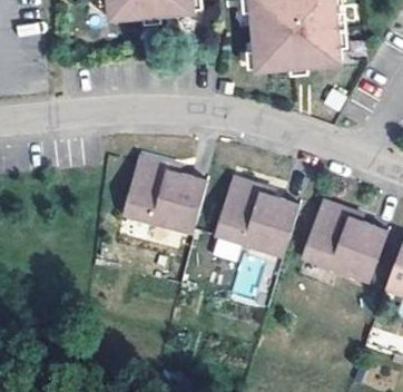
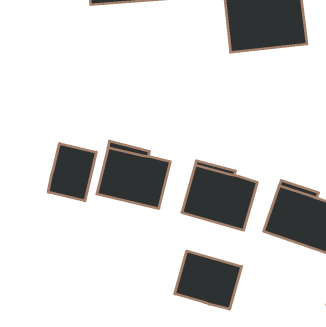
building: none -> [48,143,96,201]
building: none -> [175,251,242,309]

